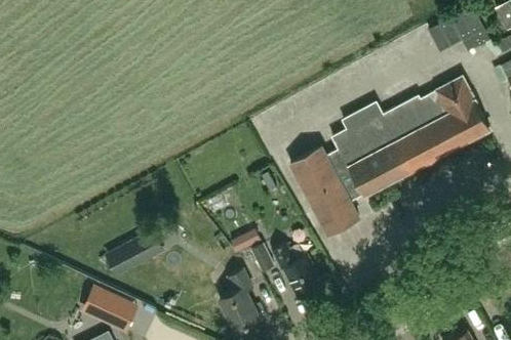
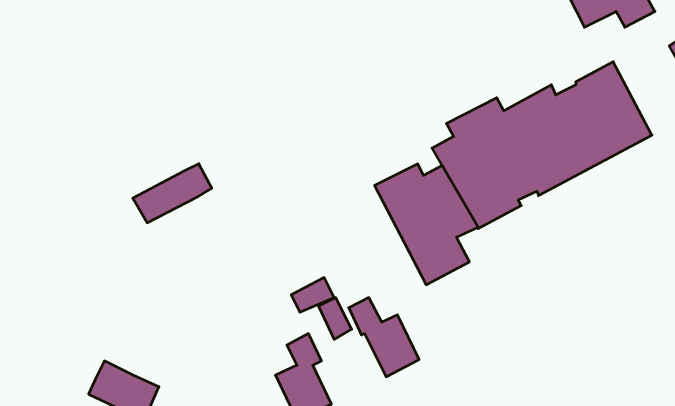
building: [107,232,163,274] -> [133,164,212,223]

